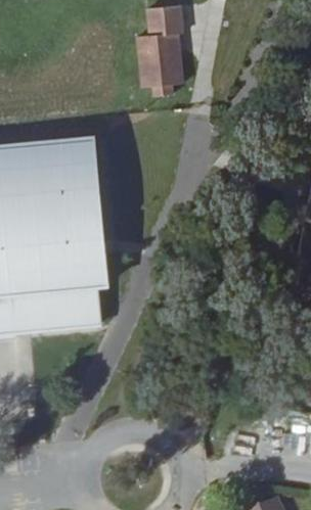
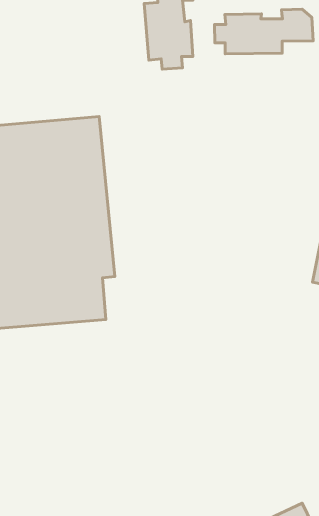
building: none -> [214,9,313,54]

